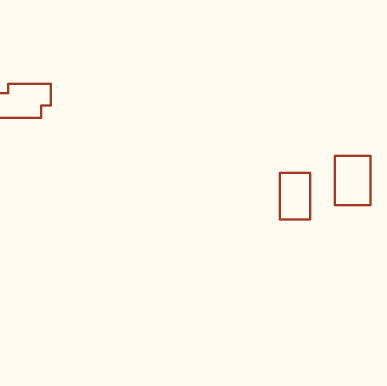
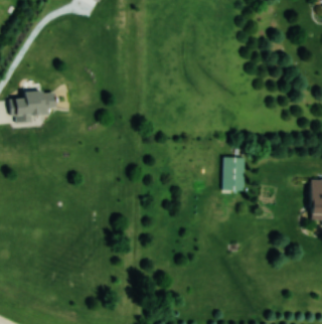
building: [335,156,370,205] -> none

